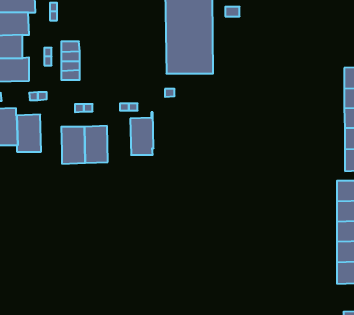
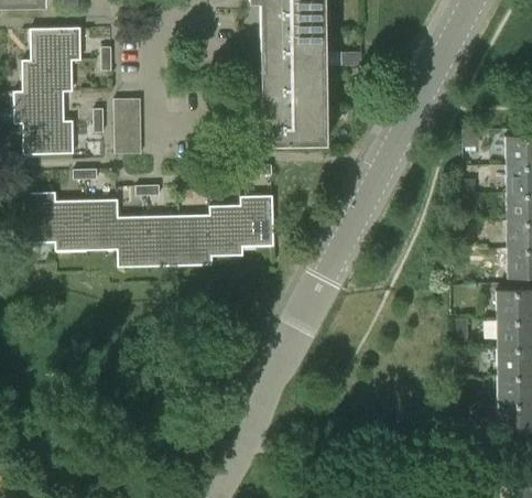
building: none -> [243,196,274,247]
building: none -> [89,199,119,251]
building: none -> [181,206,214,266]

